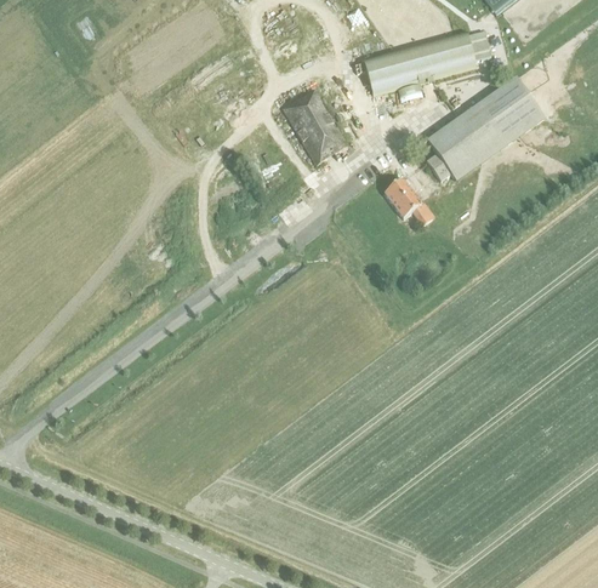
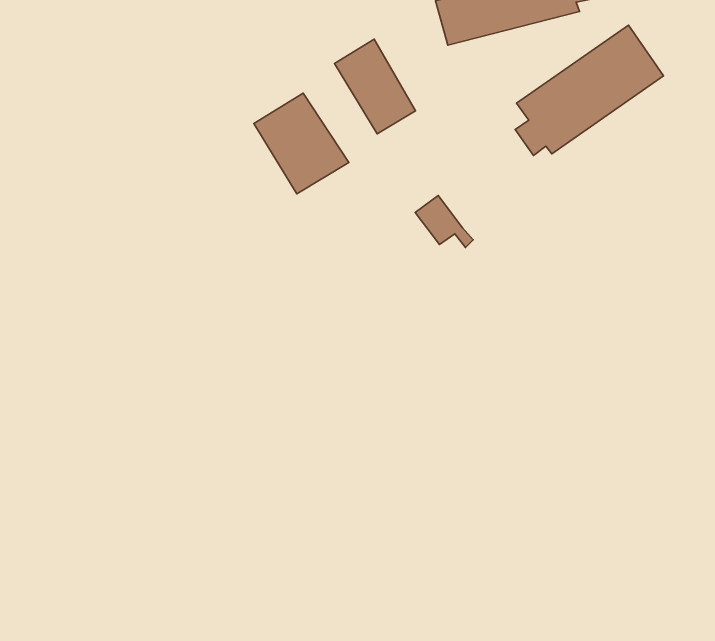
building: none -> [254,93,349,194]
building: [383,178,429,219] -> [415,196,473,248]

